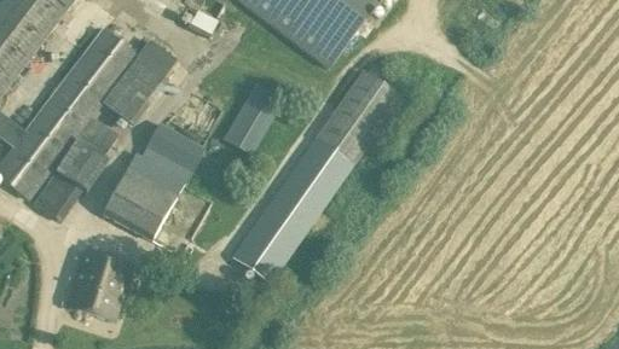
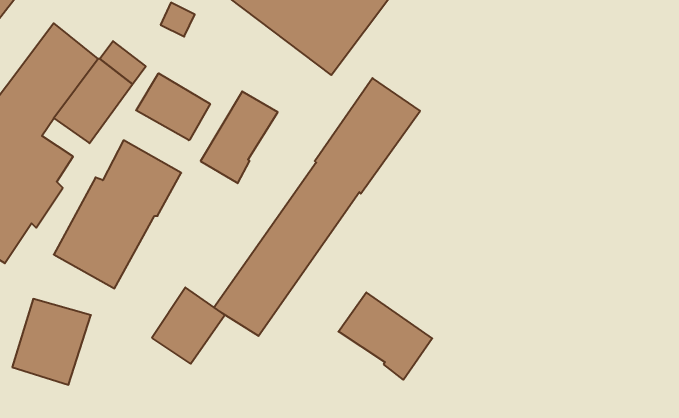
building: none -> [136,73,210,140]
building: none -> [152,287,225,364]
building: none -> [338,292,432,380]

